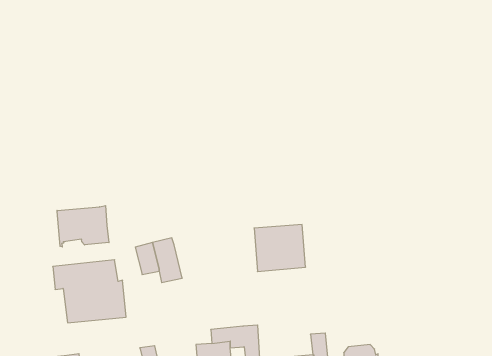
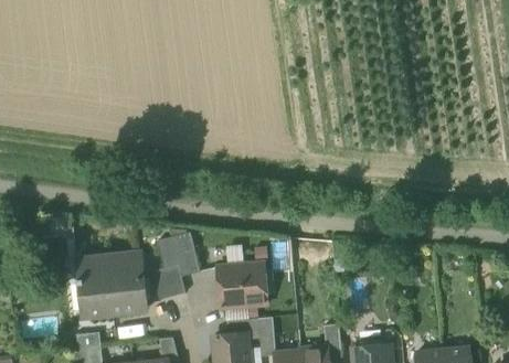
building: [57,206,109,247] -> none
building: [254,225,306,272] -> [218,264,267,309]
building: none -> [152,266,184,300]

